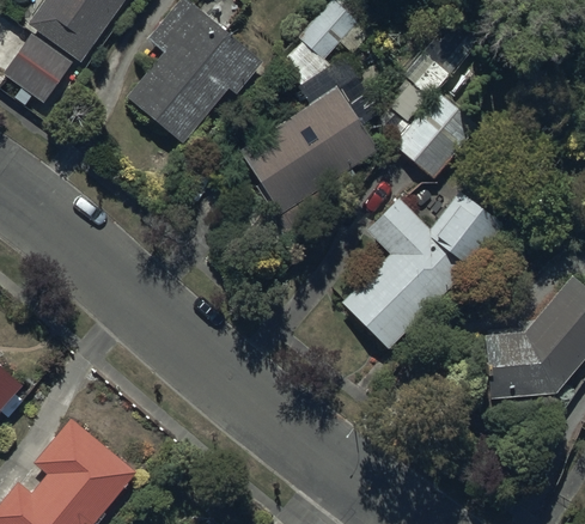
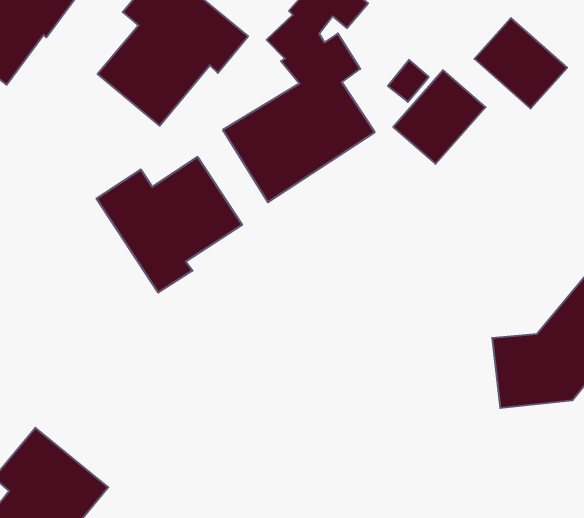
building: none -> [474,18,567,109]
building: none -> [97,157,242,293]
building: [346,190,502,343] -> none

